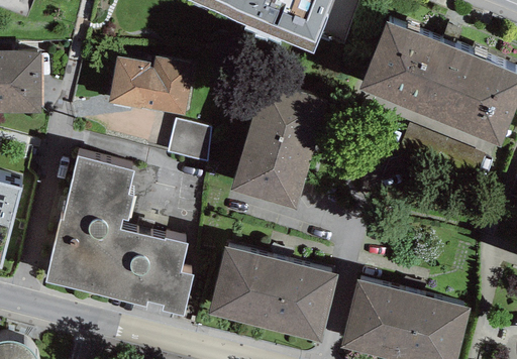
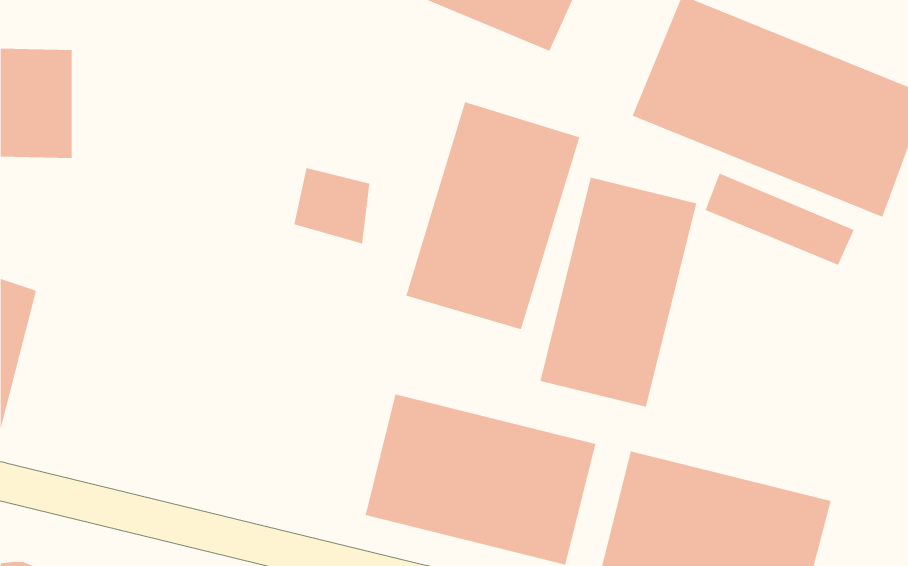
building: [108,55,194,115] -> none
building: none -> [540,177,697,408]
building: [44,156,193,316] -> none

